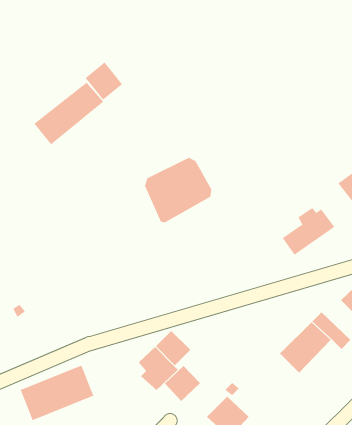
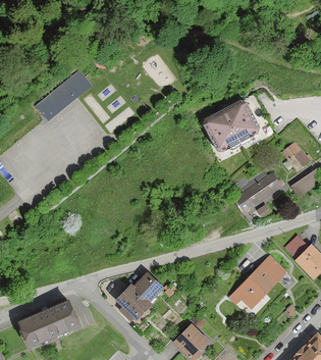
building: [85,62,123,100] -> none
building: [144,157,212,223] -> [202,99,258,153]
building: [164,365,201,402] -> none

